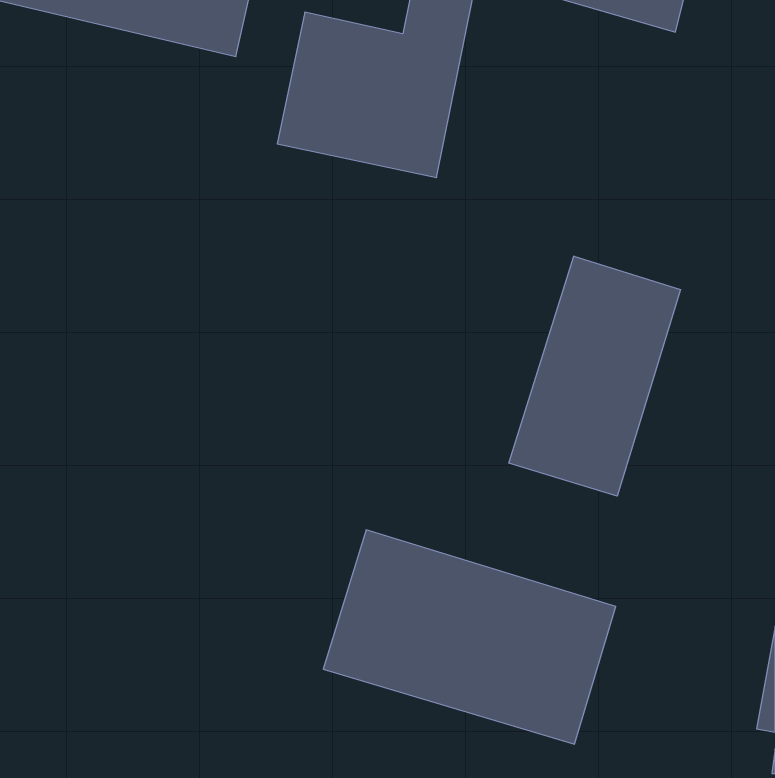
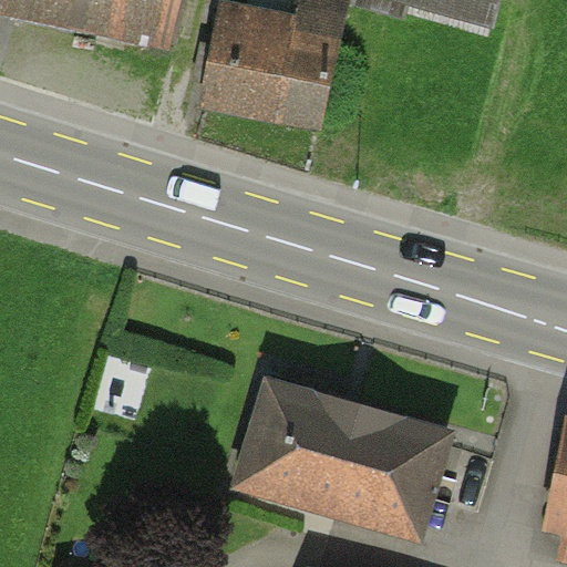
building: [509,256,681,496] -> none

